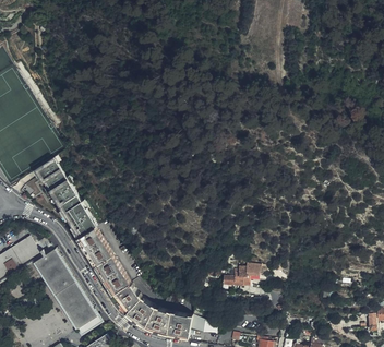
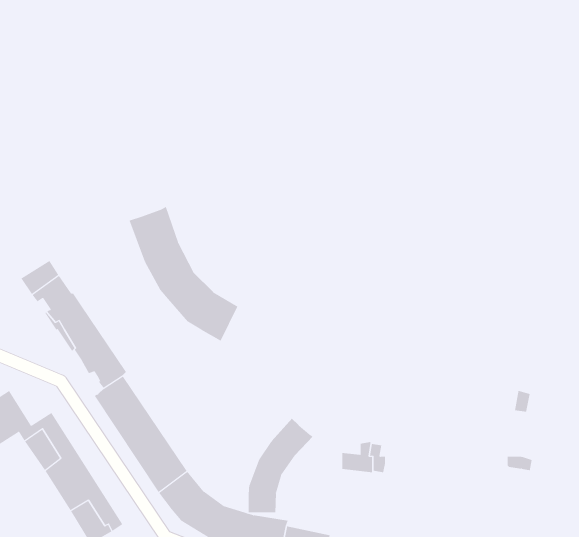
building: none -> [129,206,238,341]
building: none -> [248,418,313,513]

